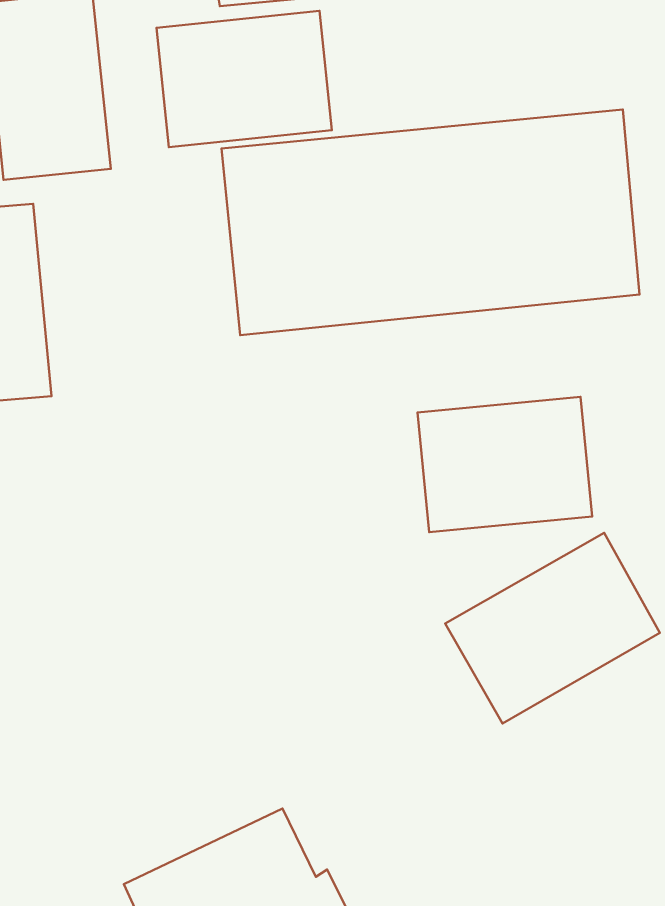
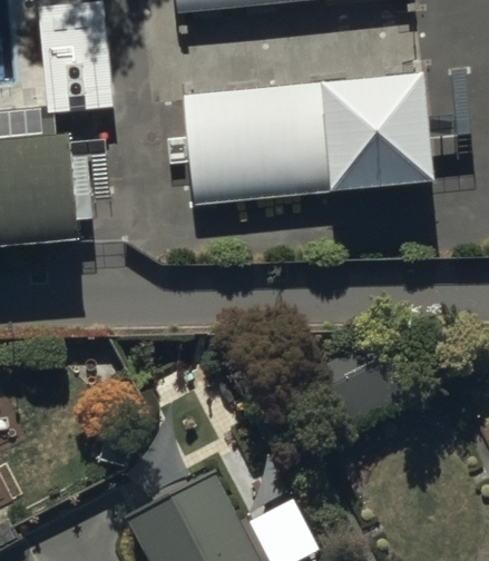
building: [157,11,332,147] -> none
building: [417,397,592,532] -> none

